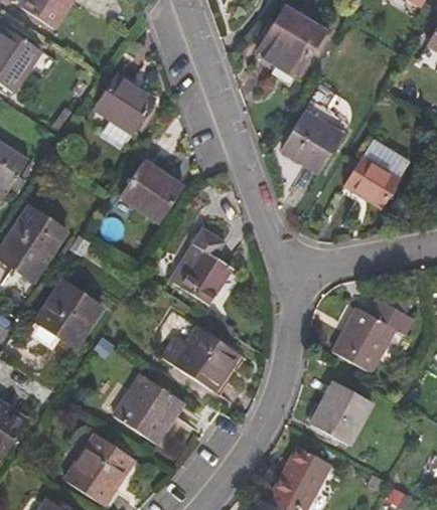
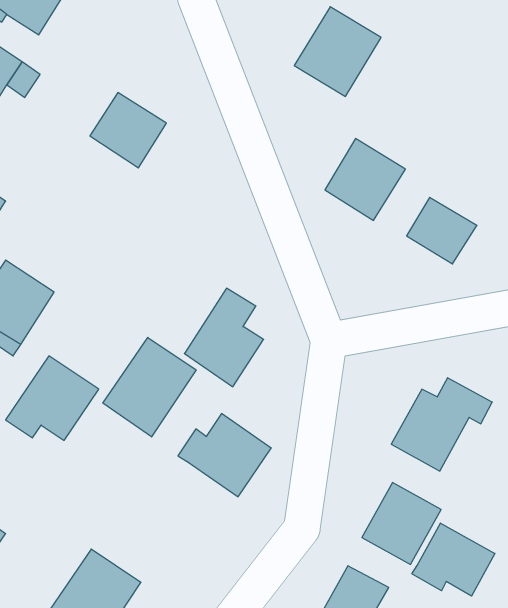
building: [362,139,410,178] -> none
building: [120,160,183,222] -> none
building: none -> [103,337,196,437]
building: [114,373,184,444] -> none
building: none -> [412,523,495,596]

